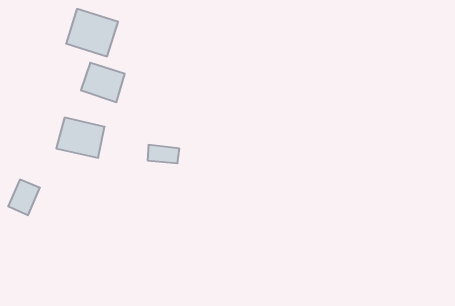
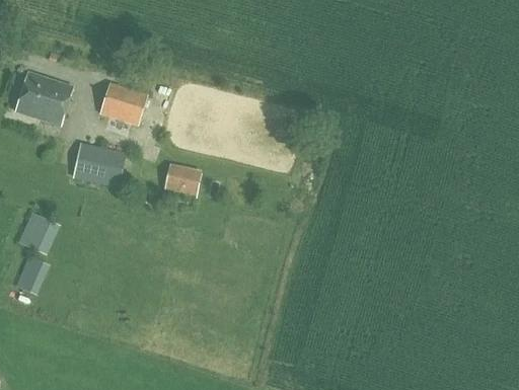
building: [66,9,118,56] -> [14,72,72,125]
building: none -> [15,255,49,294]

